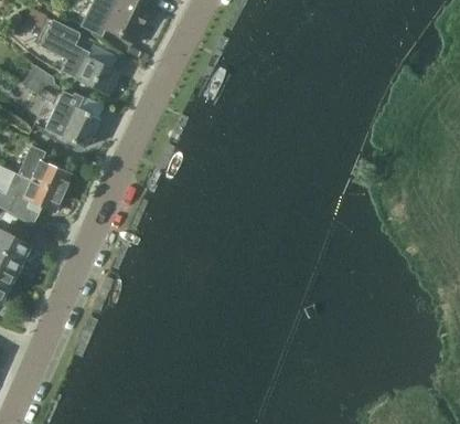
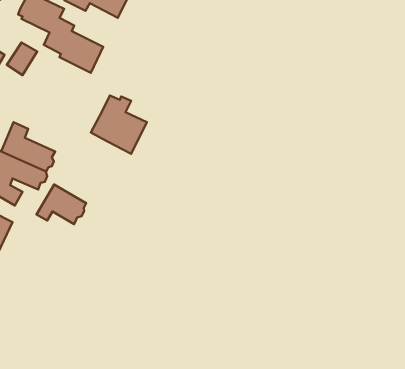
building: [43,91,98,148] -> [91,95,147,154]
building: none -> [36,185,86,224]

